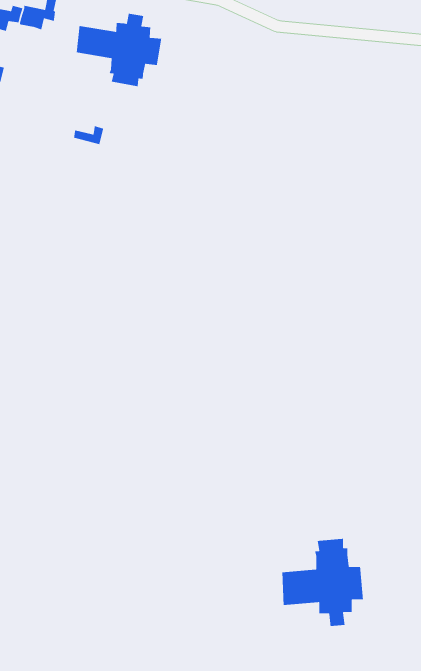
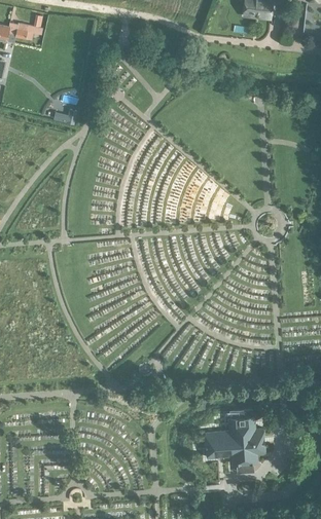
building: [76,13,162,87] -> none

